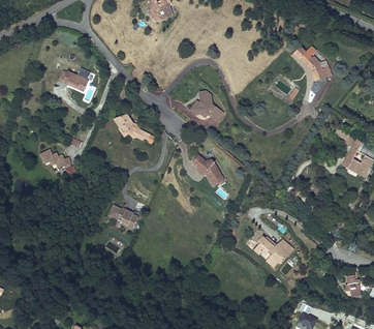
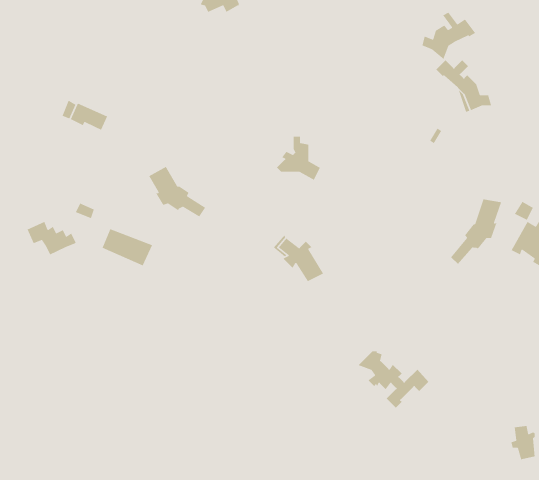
building: none -> [422,11,476,60]
building: none -> [450,198,502,265]
building: [107,202,139,226] -> [102,228,153,266]

